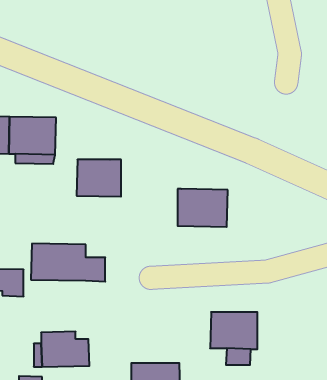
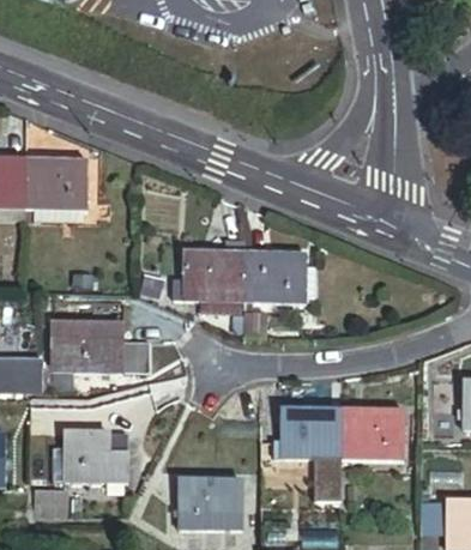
building: [77,160,121,197] -> [183,252,241,300]
building: none -> [344,411,405,459]

